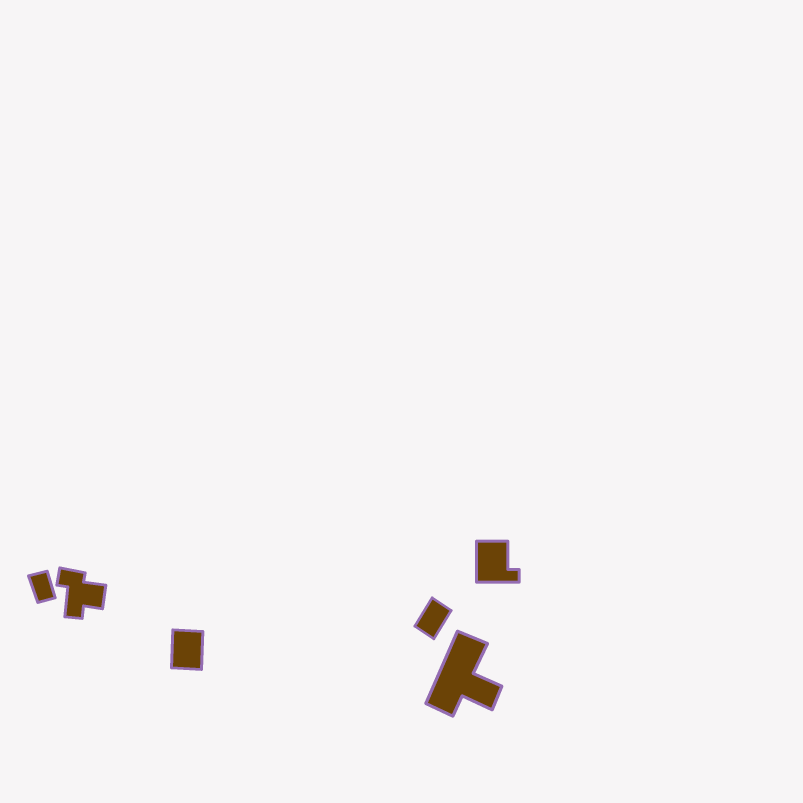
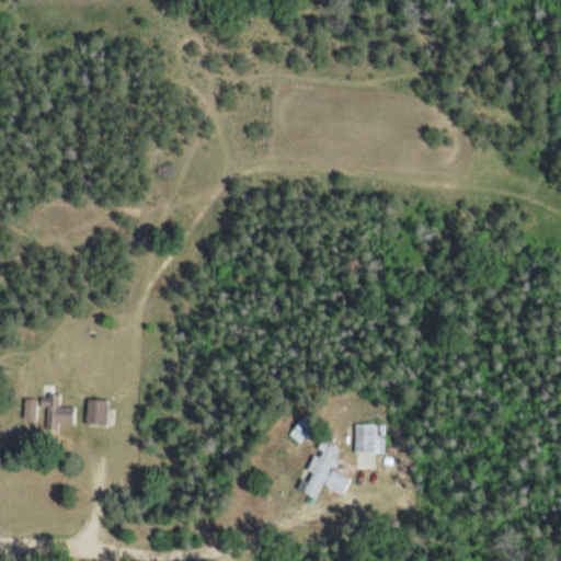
building: [476,541,519,582] -> [355,424,385,453]
building: [171,630,203,669] -> [87,399,108,426]

